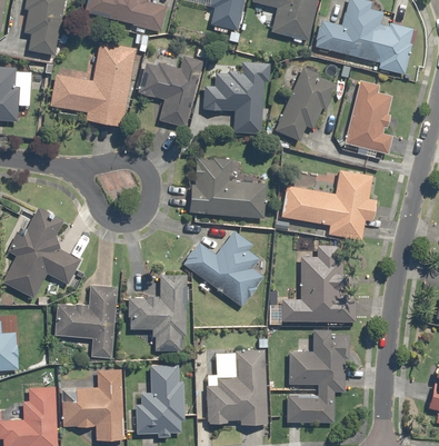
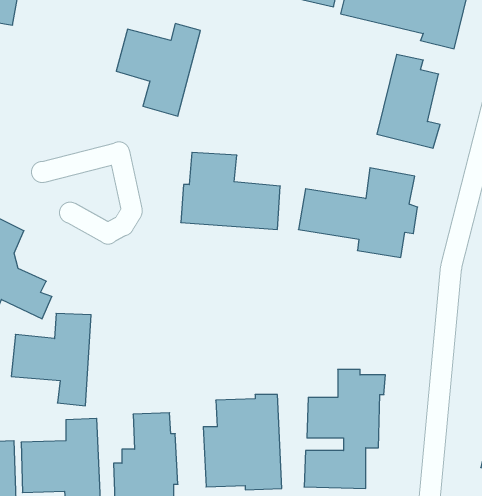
building: [50,41,136,127] -> none
building: [203,61,270,133] -> none
building: [275,66,337,140] -> none
building: [181,229,265,307] -> none
building: [280,245,357,321] -> none
building: [127,274,187,350] -> none

